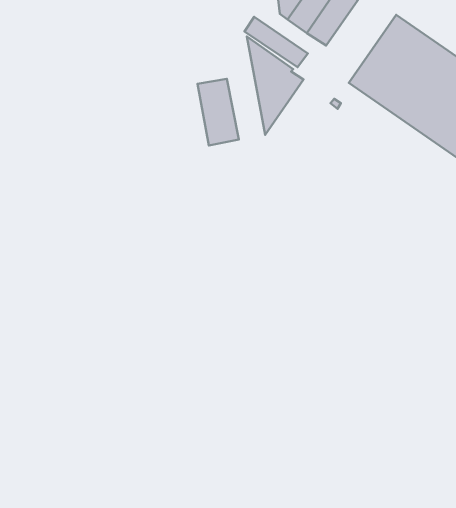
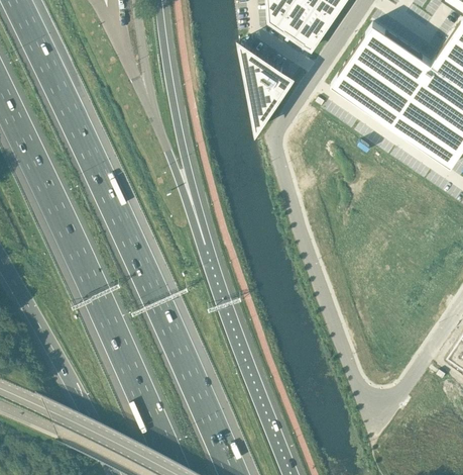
building: [245,17,308,67] -> none
building: [198,79,239,146] -> none

